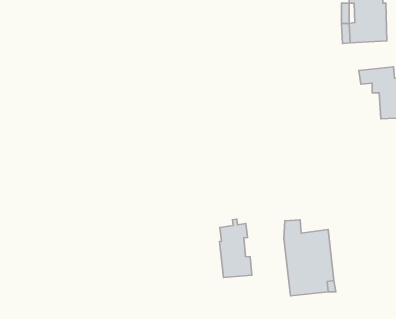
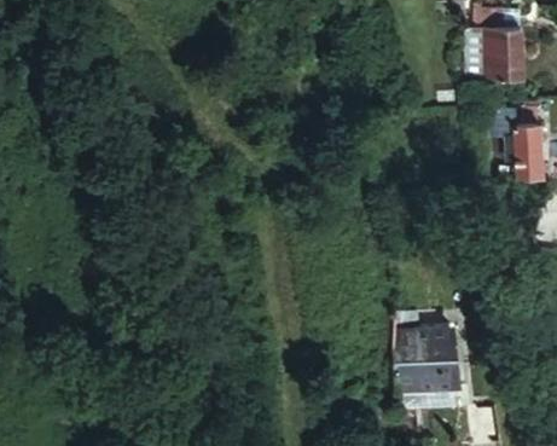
building: [219,219,252,277] -> none

